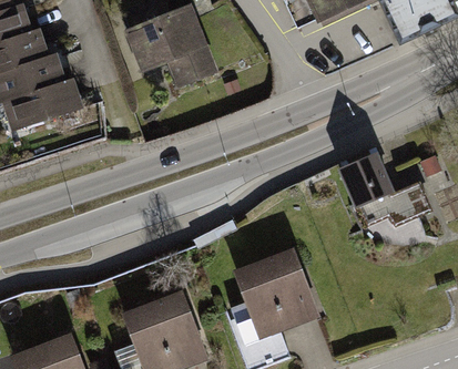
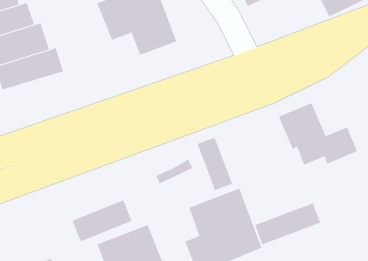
building: none -> [197,137,233,191]
building: none -> [72,200,132,242]
building: none -> [255,202,321,245]

